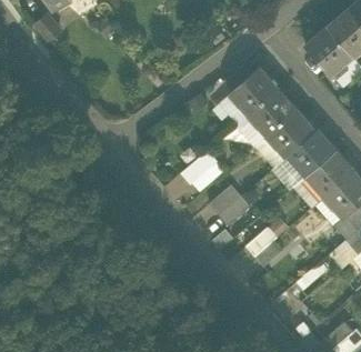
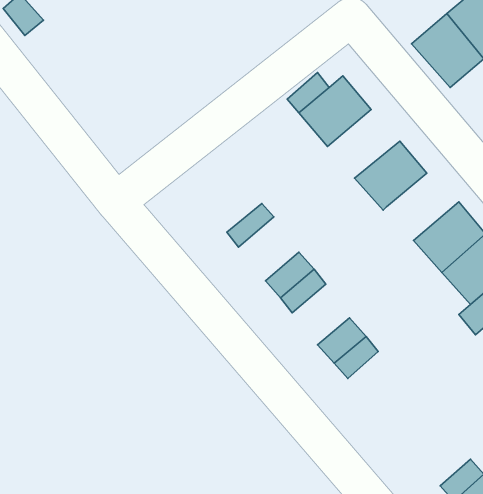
building: [249,91,297,137] -> none
building: [288,131,335,178] -> none

